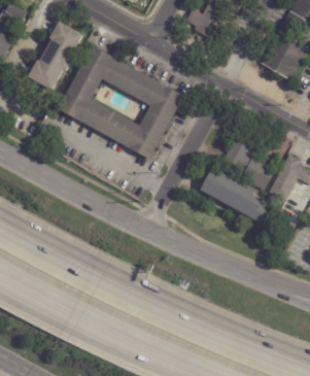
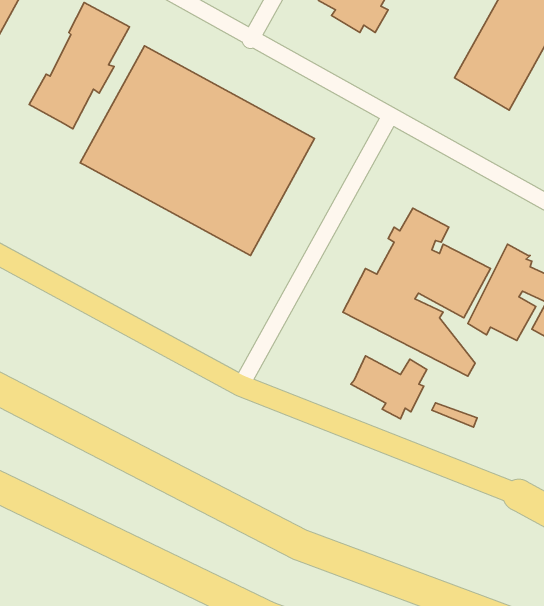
building: none -> [351,356,427,419]

